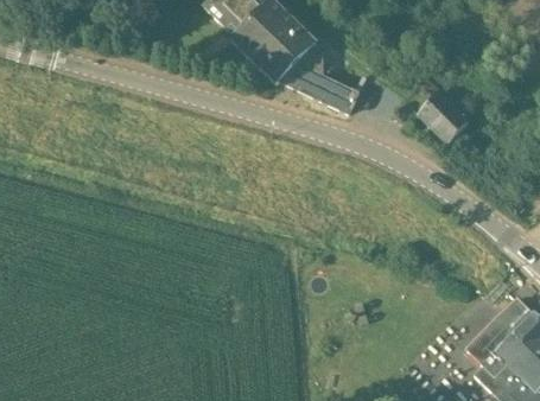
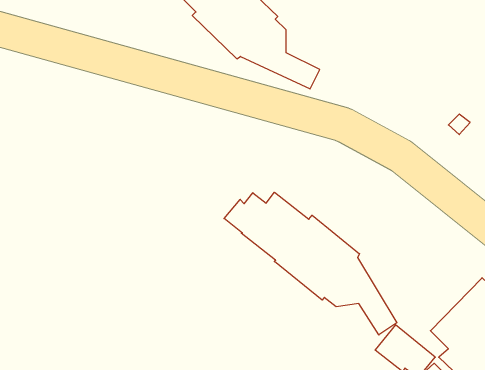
building: [418,91,469,142] -> none
building: none -> [224,192,397,335]

